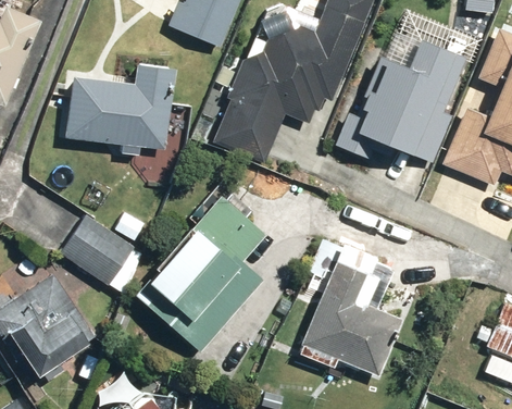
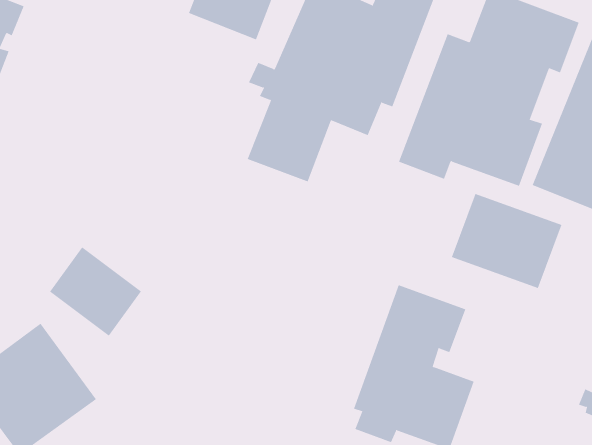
building: [67,63,170,157] -> none
building: none -> [451,193,562,289]
building: [135,183,265,352] -> none

